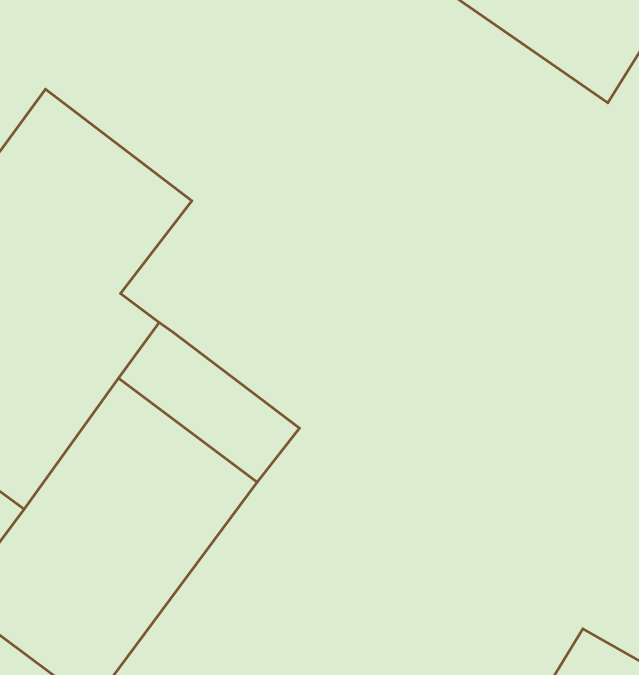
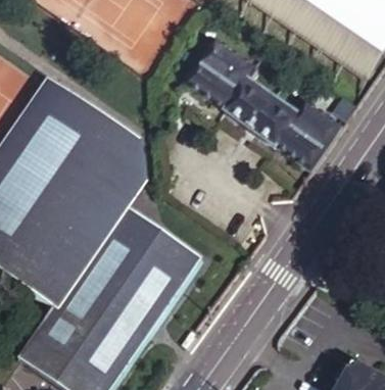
building: none -> [190,40,341,169]
building: none -> [105,136,149,205]

